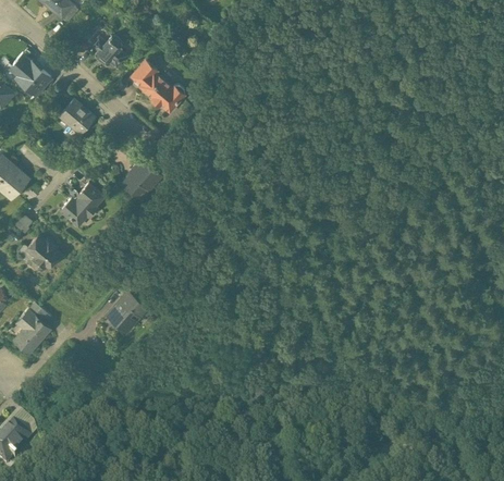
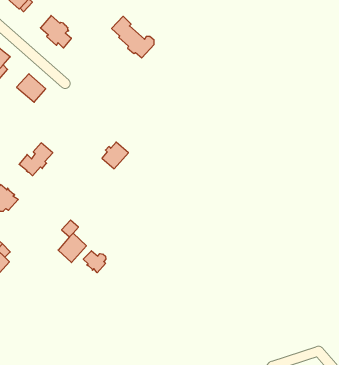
building: [133,59,185,110] -> [112,16,154,58]
building: [126,162,159,195] -> [102,142,128,169]
building: none -> [83,251,106,273]

